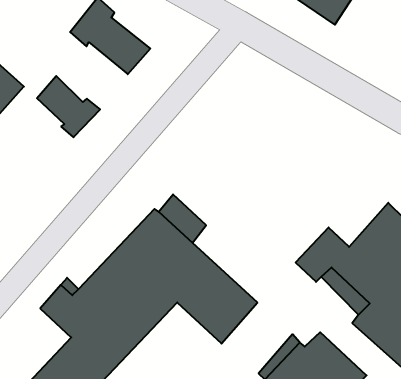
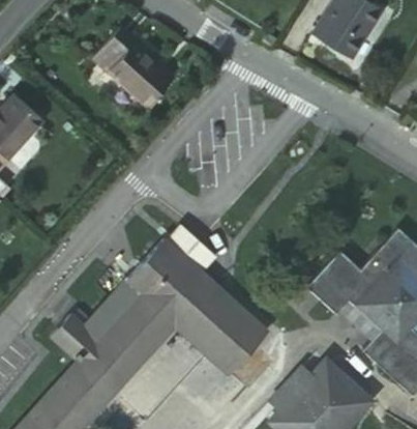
building: [37,76,100,137] -> none

